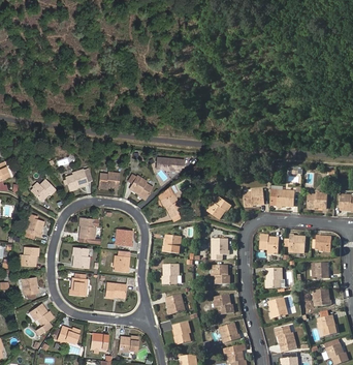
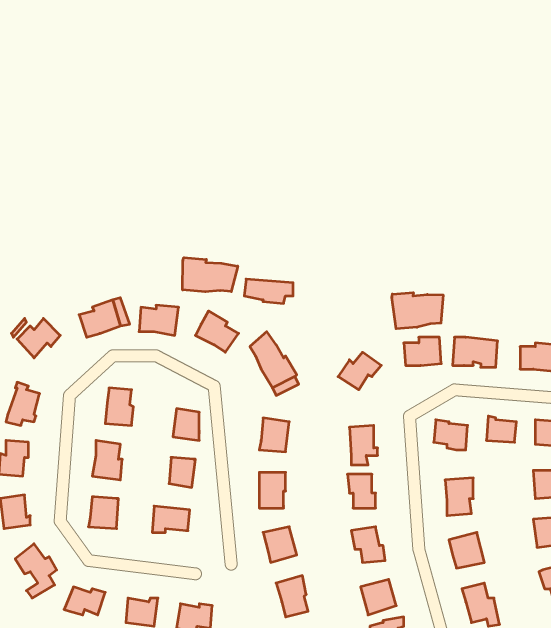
building: none -> [183,258,238,292]
building: none -> [392,293,443,329]

